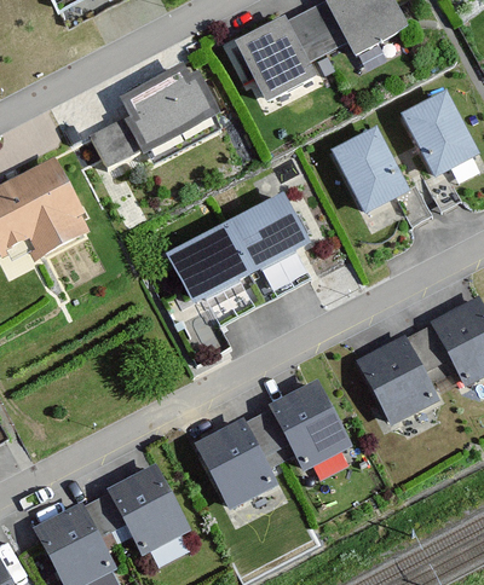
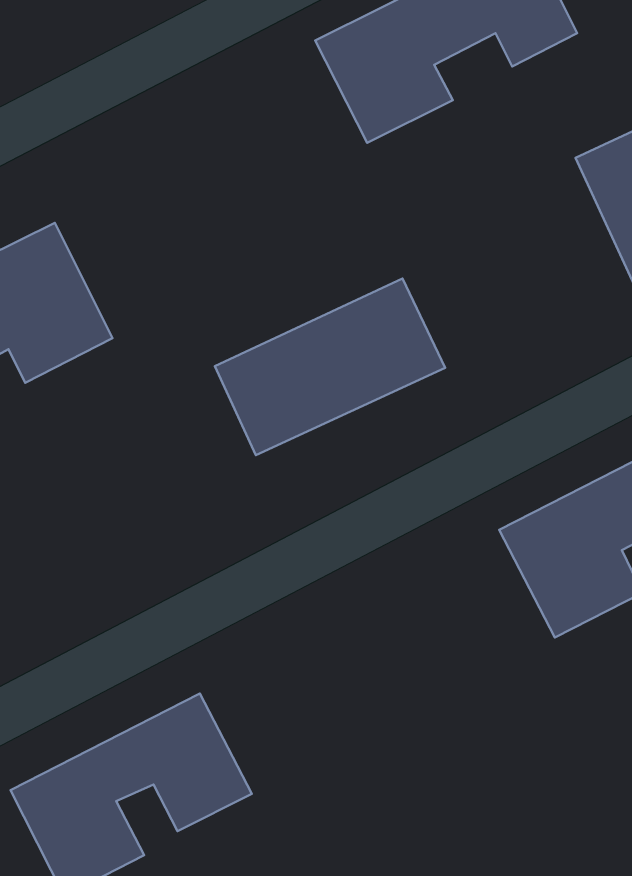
building: [91,62,217,163] -> none
building: [333,129,428,226] -> none
building: [191,384,348,511] -> none

